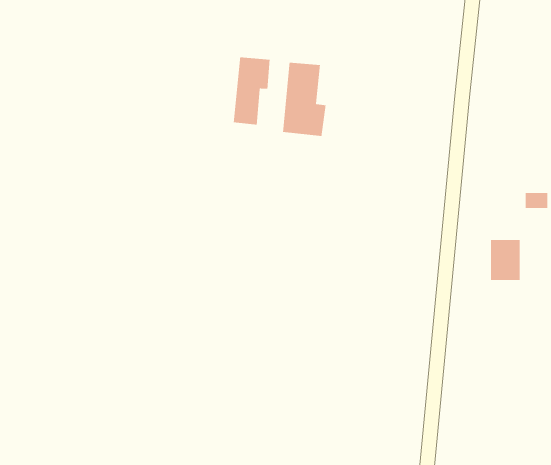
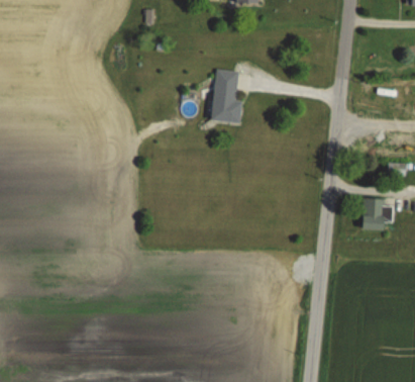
building: [233,56,270,126] -> none

